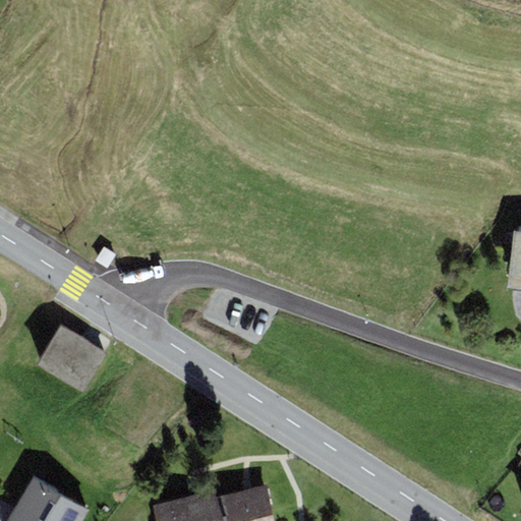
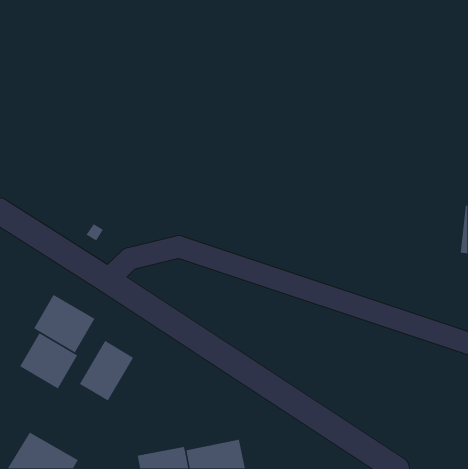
building: none -> [19,332,78,390]
building: none -> [79,340,134,402]

